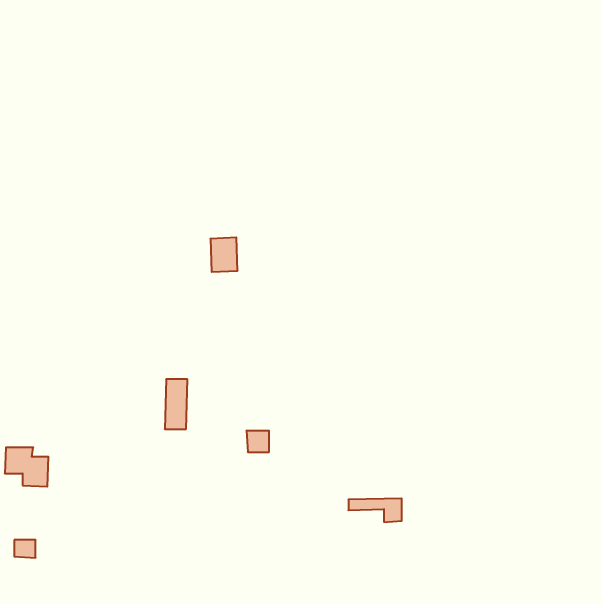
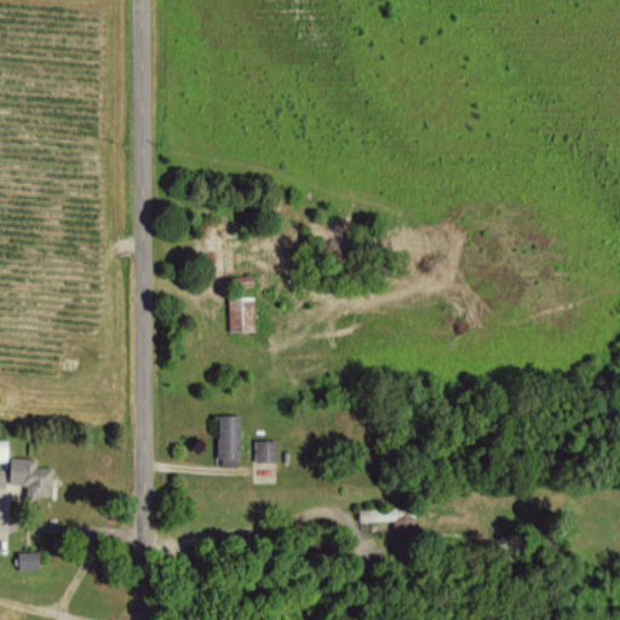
building: [210,237,238,272] -> [230,298,258,333]
building: [165,379,187,429] -> [218,417,241,467]

